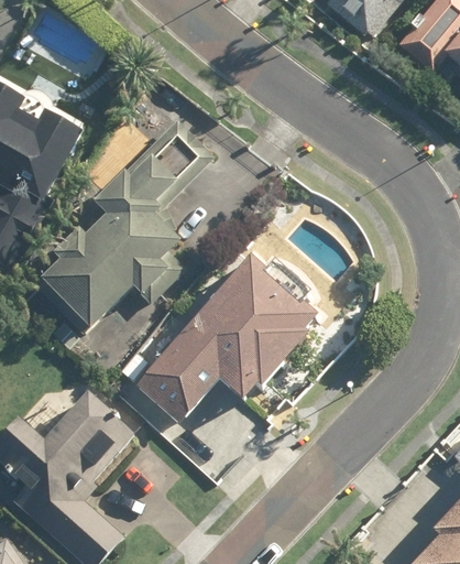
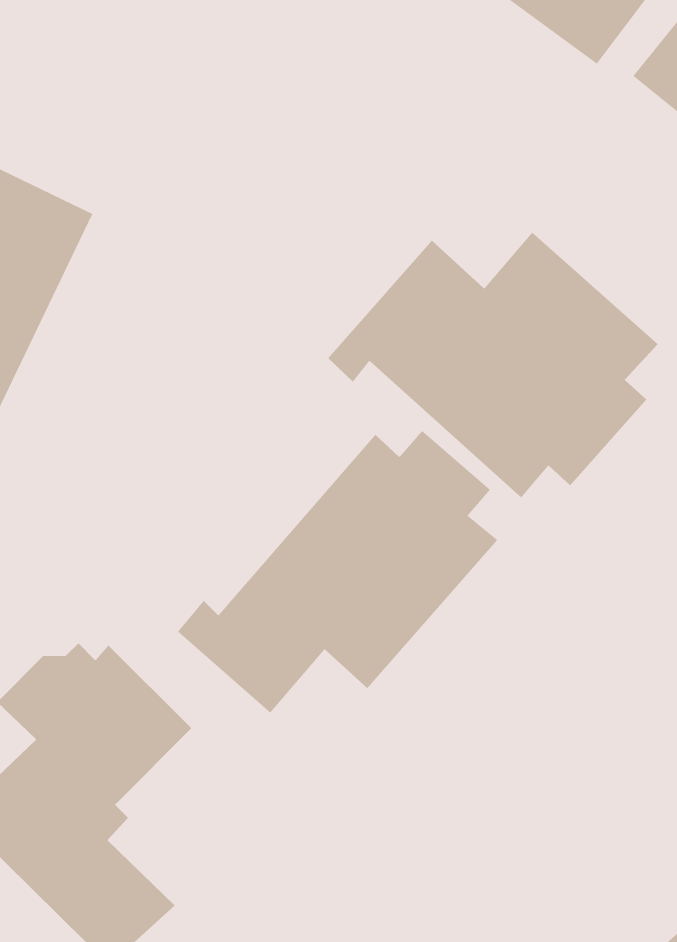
building: [34,126,198,333] -> none
building: none -> [328,232,659,498]

